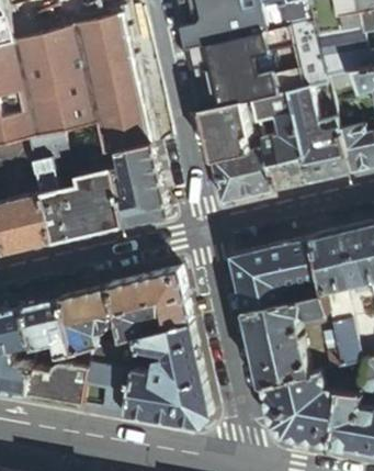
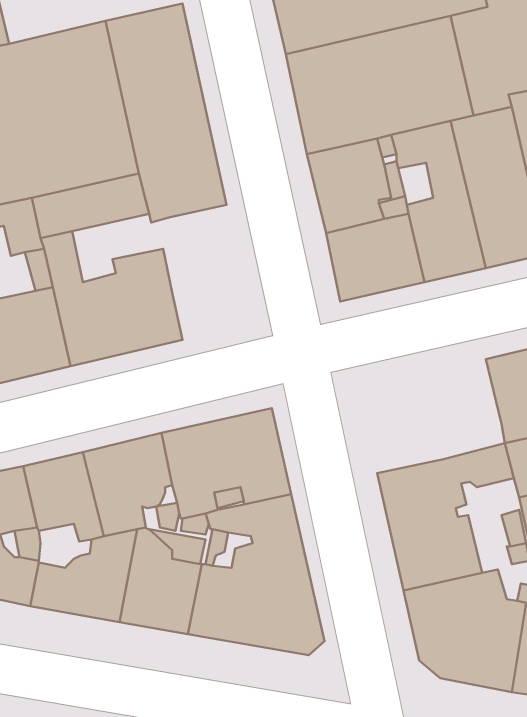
building: [114,142,166,226] -> none
building: [231,238,321,310] -> none

